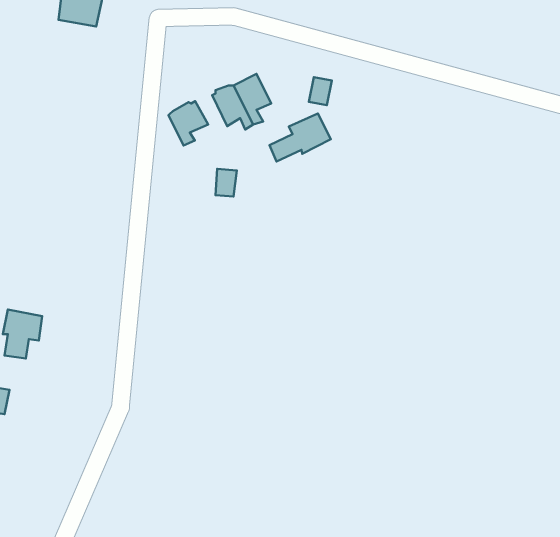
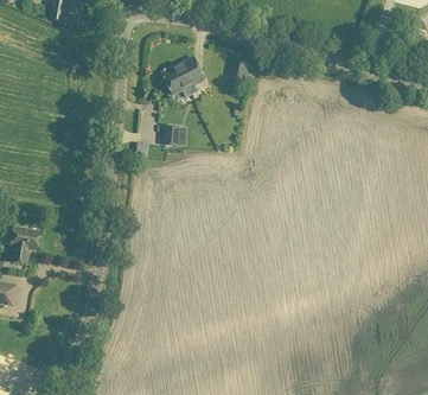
building: [168,101,208,146] -> none
building: [269,113,331,161] -> none

